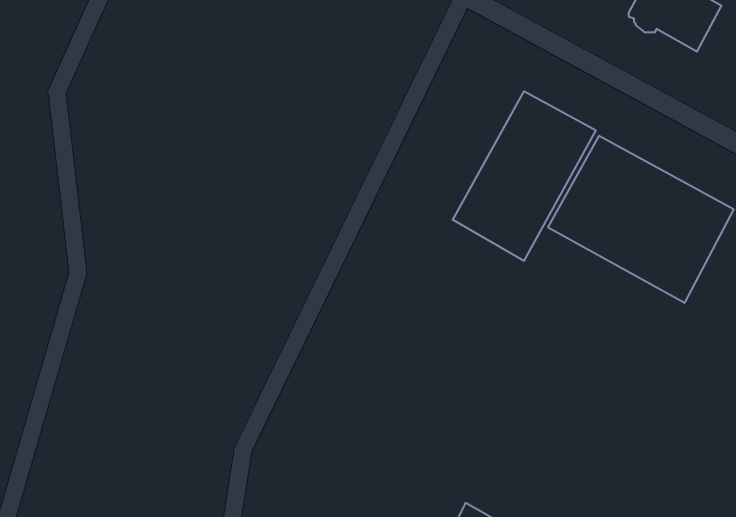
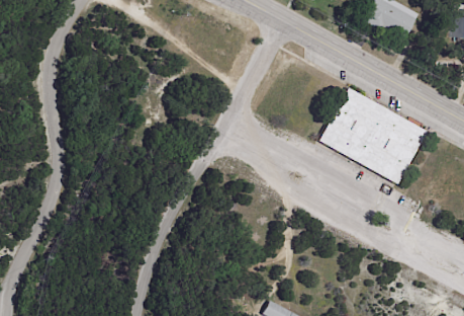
building: [453,91,596,261] -> none

